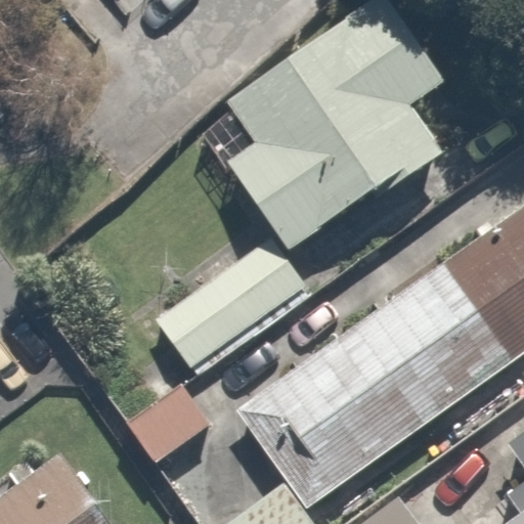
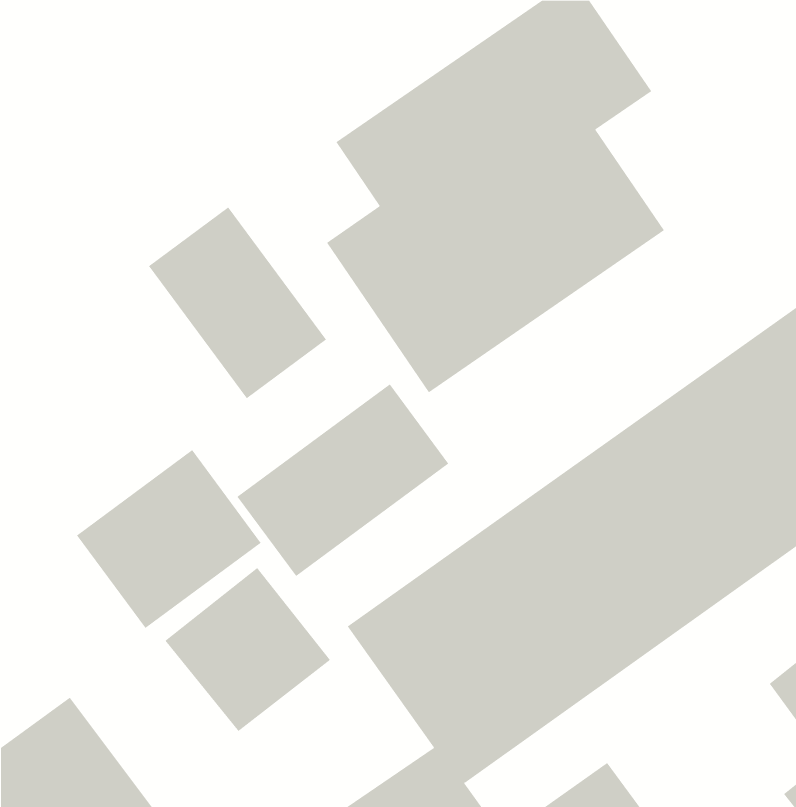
building: none -> [148,206,327,399]
building: none -> [76,449,262,629]

